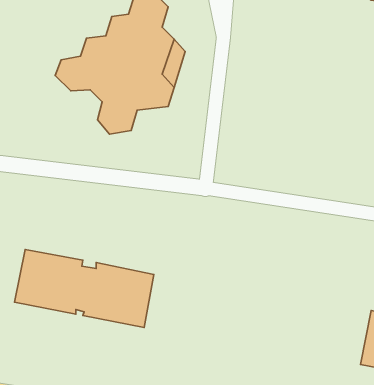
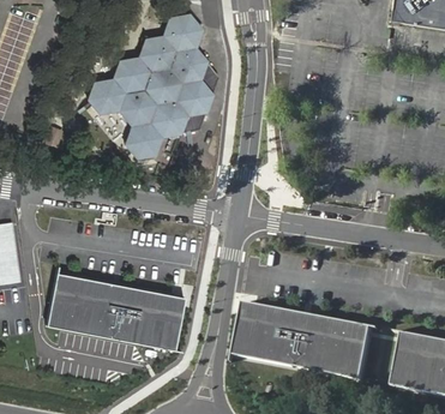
building: none -> [235,300,374,379]

